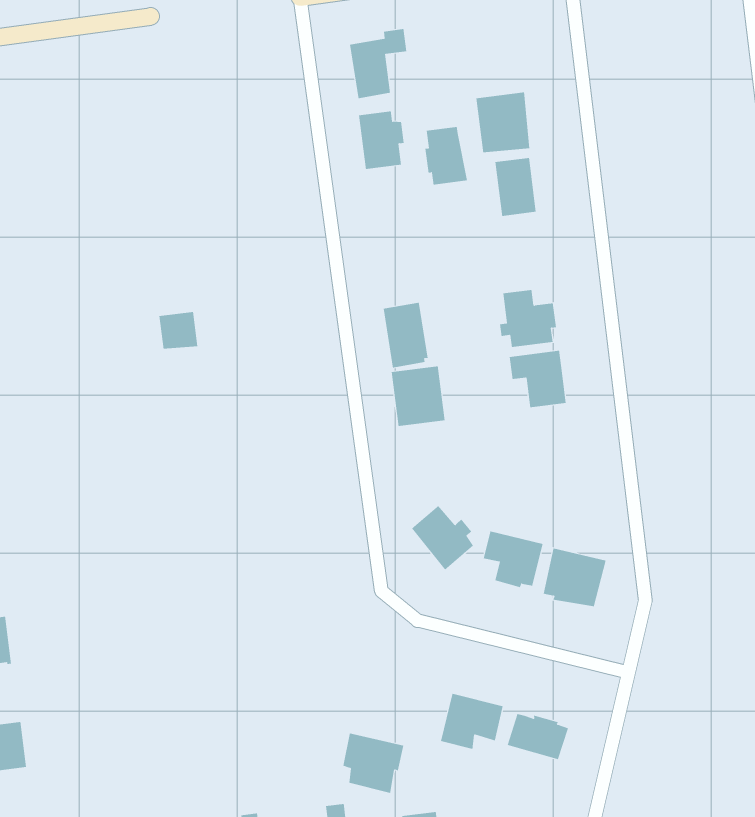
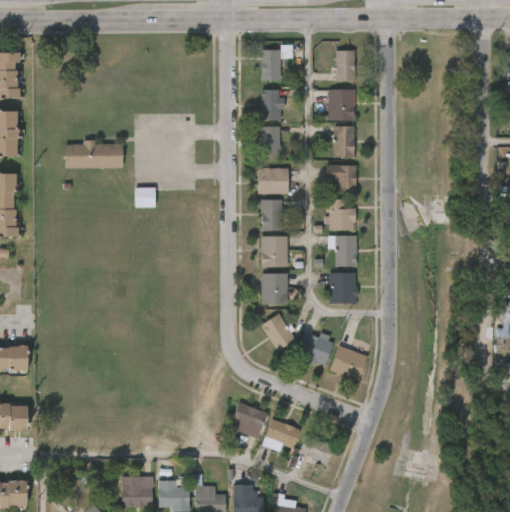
building: none -> [335,50,354,81]
building: [425,126,468,185] -> [259,127,281,158]
building: none -> [325,165,356,191]
building: none -> [67,140,124,167]
building: none -> [257,169,287,194]
building: none -> [329,273,358,304]
building: none -> [260,274,287,305]
building: [343,733,404,794] -> [232,403,268,440]

